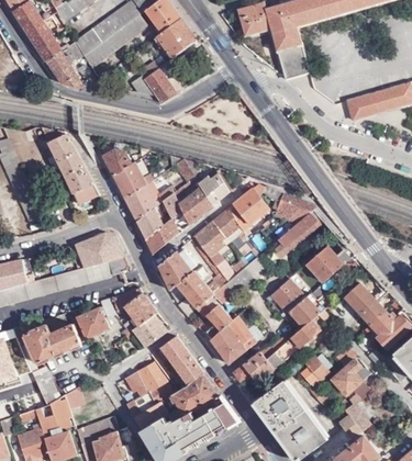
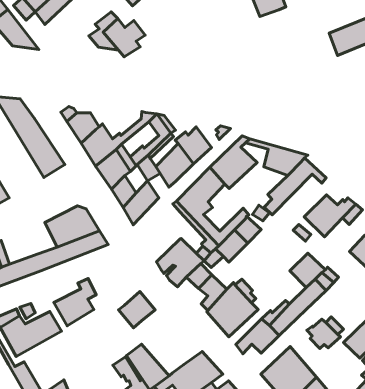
building: [158,250,194,290] -> none
building: [271,276,305,310] -> none
building: [110,288,156,326] -> none
building: [158,337,203,384] -> none

